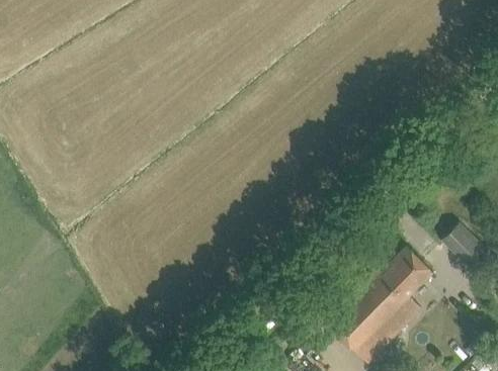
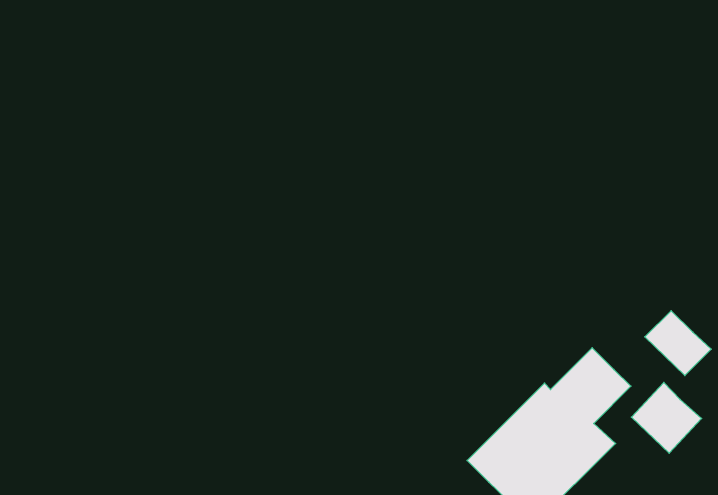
building: none -> [632,382,701,453]

